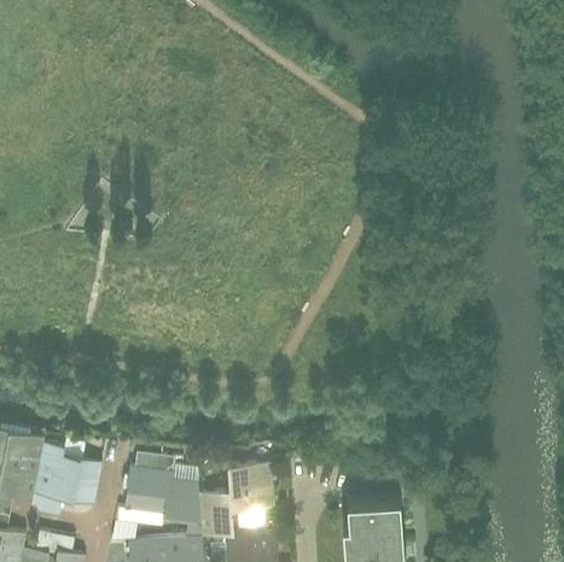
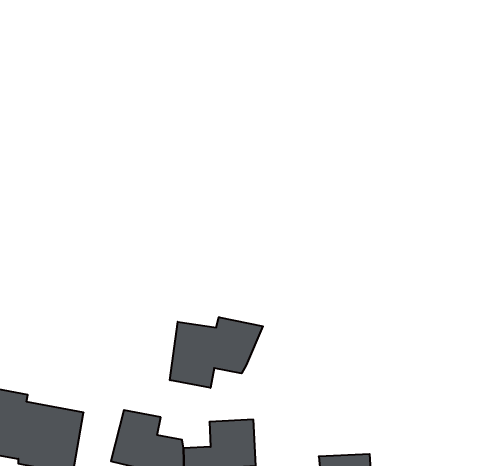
building: none -> [170,317,263,388]

